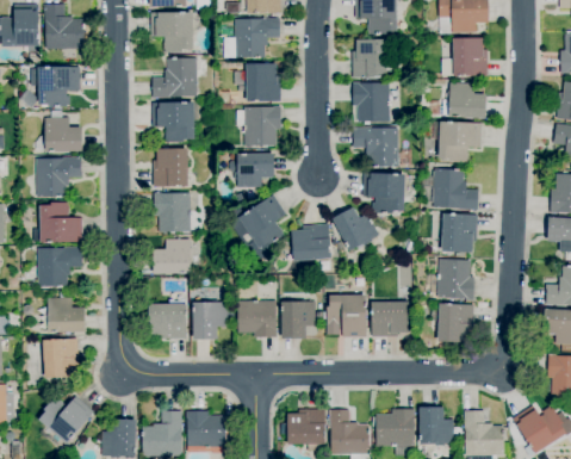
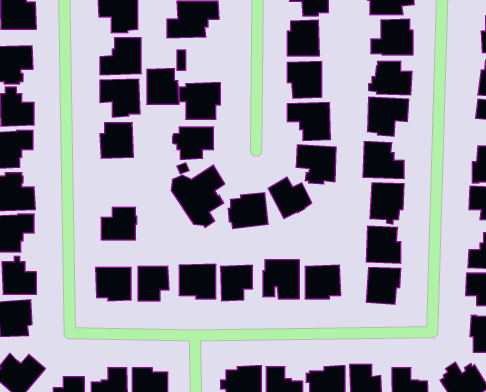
building: [247,62,281,100] -> [147,69,179,104]
building: [154,192,191,231] -> none

